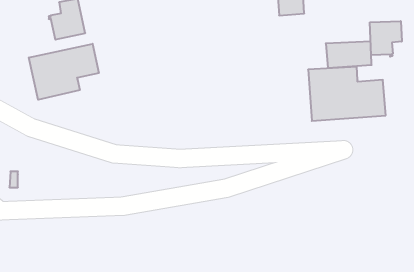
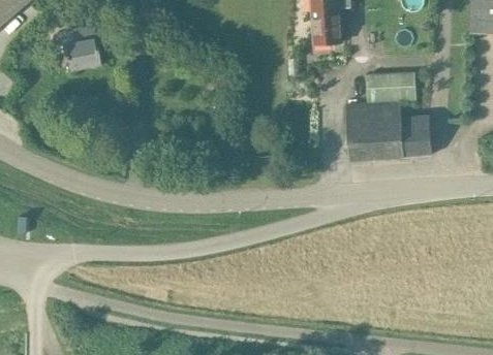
building: [370,21,402,57] -> none
building: [29,44,99,100] -> none

